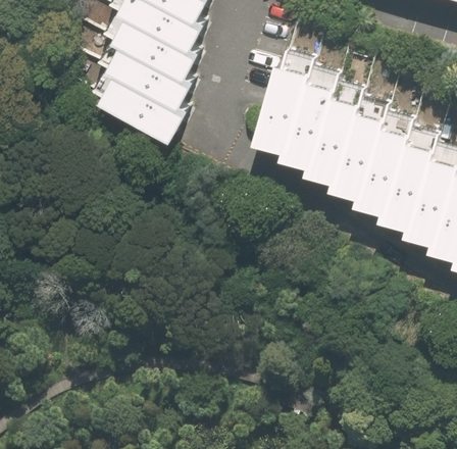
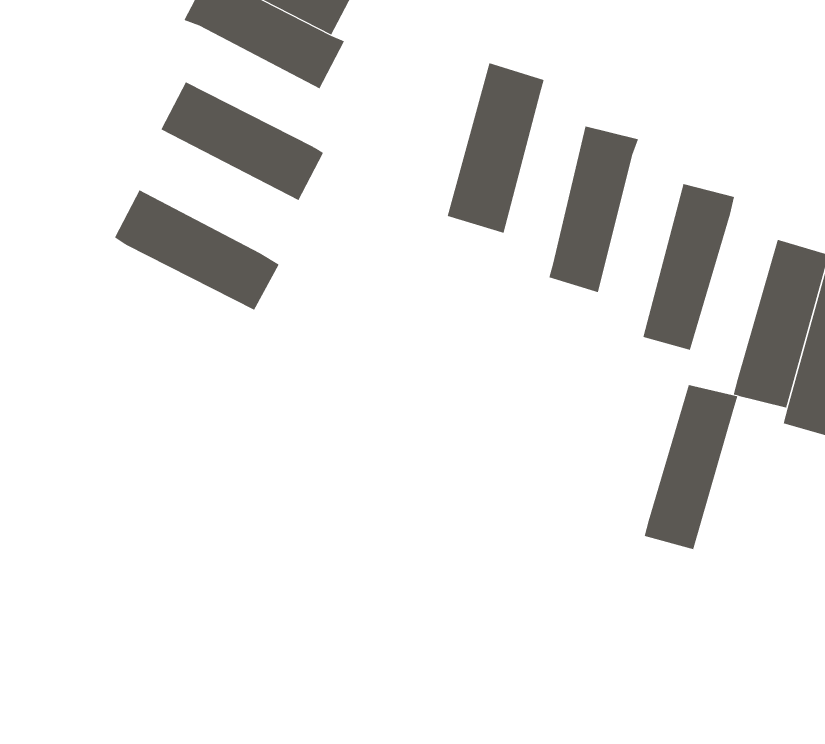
building: [106,42,194,106] -> [114,189,279,310]
building: [280,78,327,168] -> none
building: [329,110,378,199] -> none
building: [378,142,428,230] -> [644,385,738,550]

